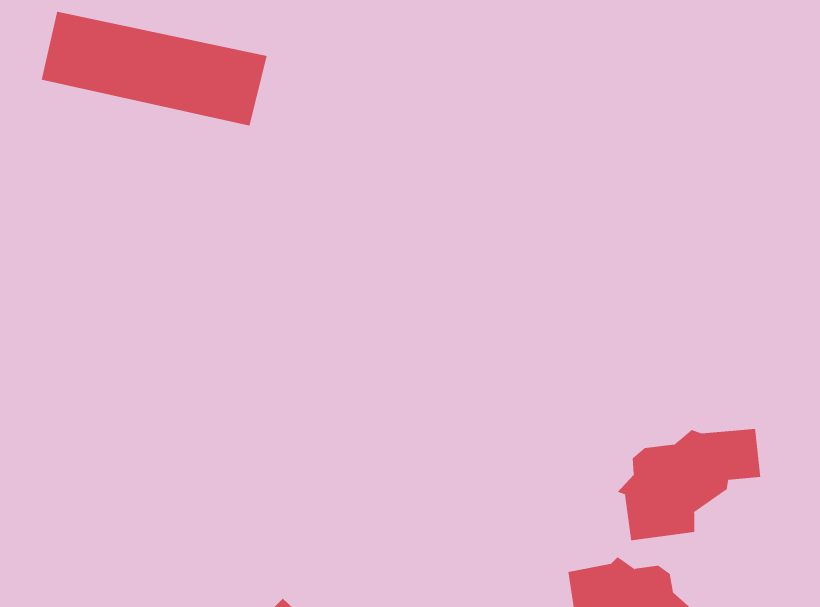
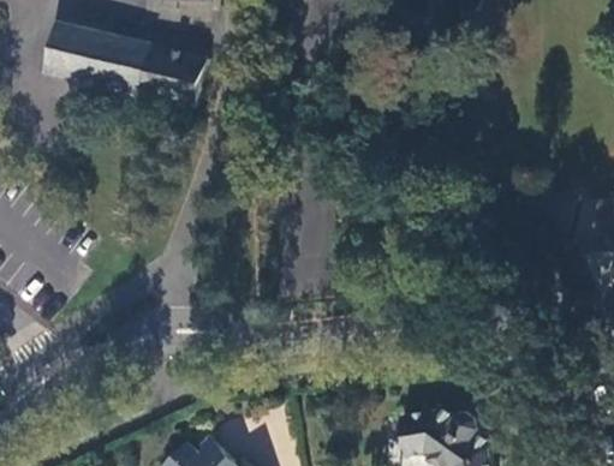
building: [617,428,761,541] -> none

